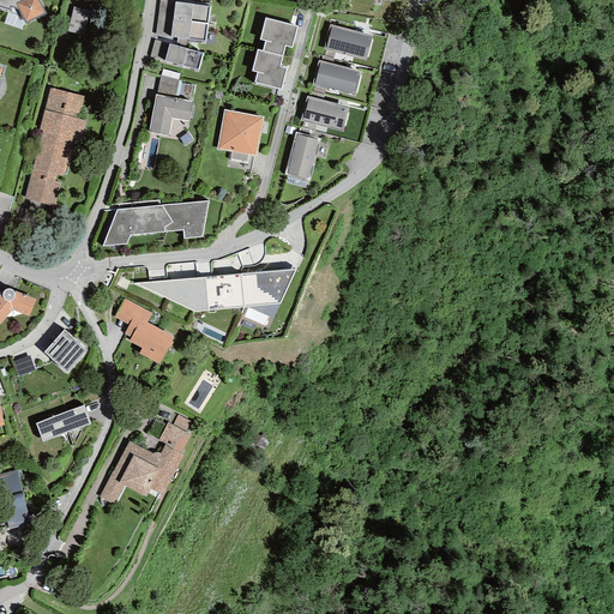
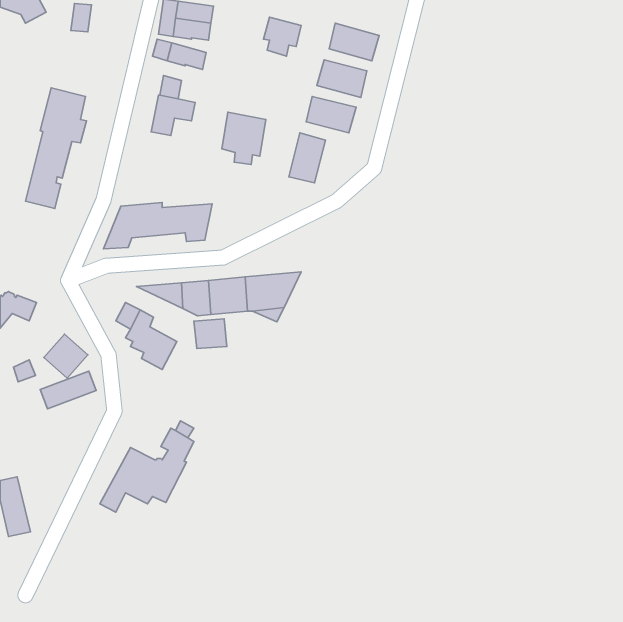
building: [252,48,285,88] -> none
building: none -> [194,319,227,349]
building: [35,404,90,441] -> [40,371,96,409]

